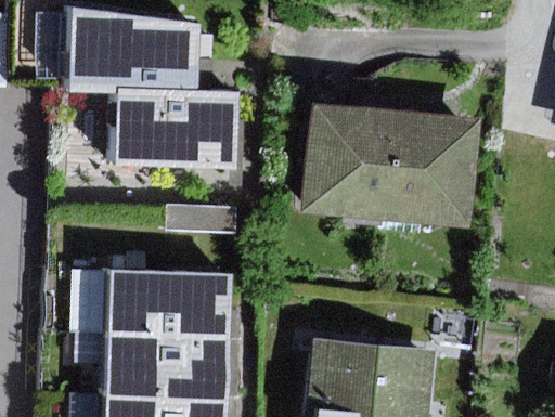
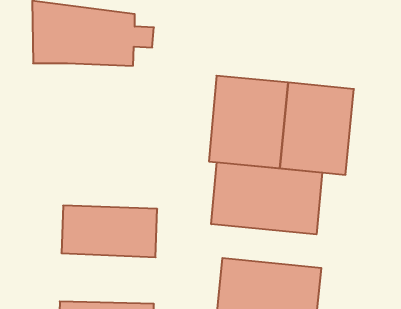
building: [107,84,237,166] -> none
building: none -> [211,162,322,234]
building: [100,331,224,398] -> none

